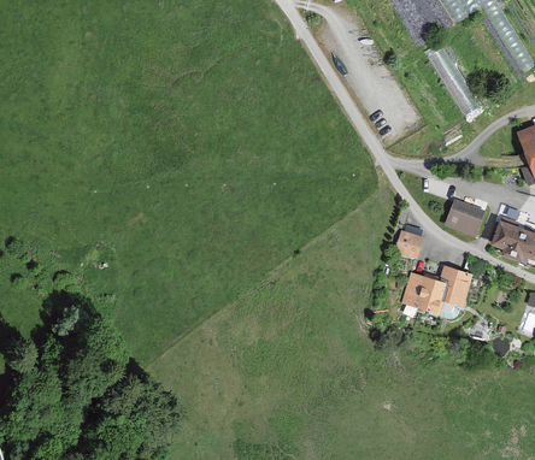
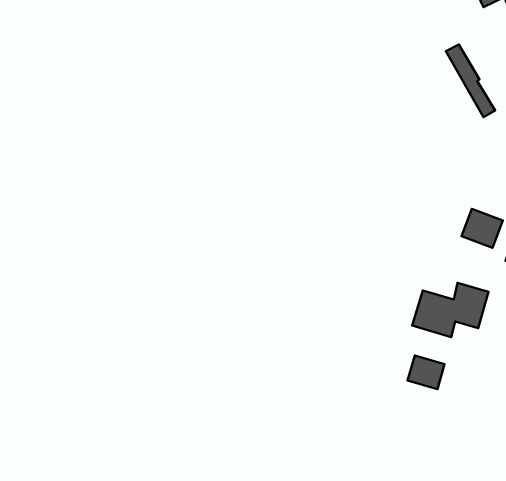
building: [395,231,424,260] -> none
building: none -> [408,356,445,389]

